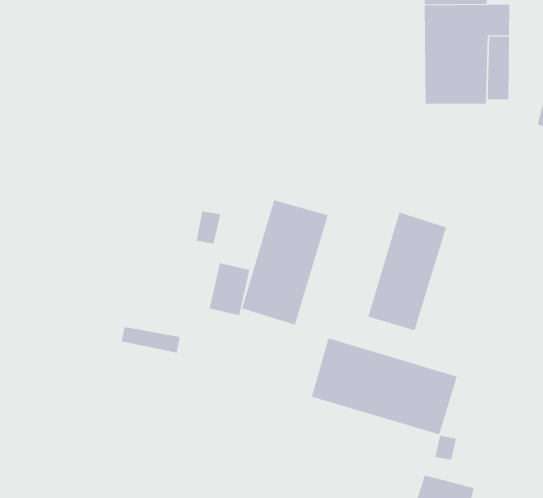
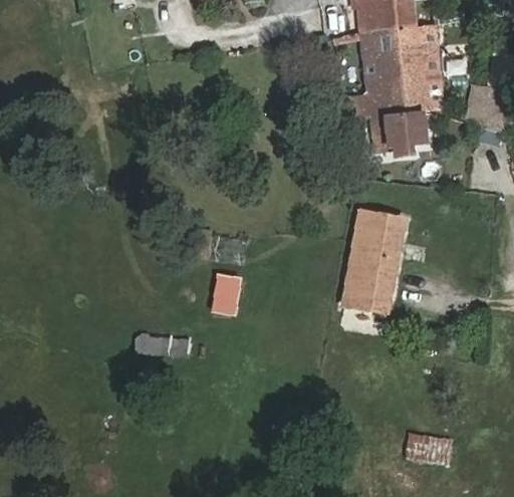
building: none -> [371,111,427,149]
building: [241,199,328,325] -> none
building: [311,337,458,435] -> none

